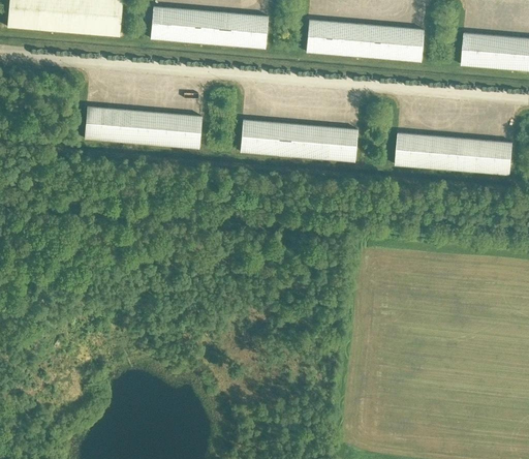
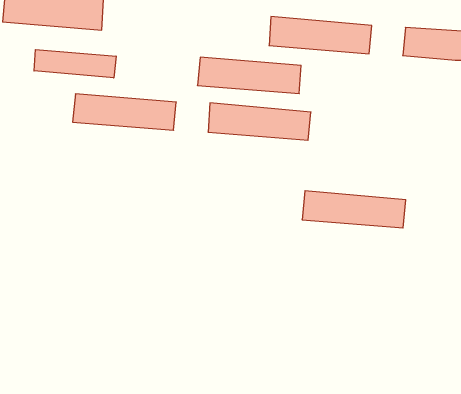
building: [151,7,269,49] -> [197,57,301,94]
building: none -> [34,50,116,78]
building: [395,133,512,176] -> [302,191,406,228]

